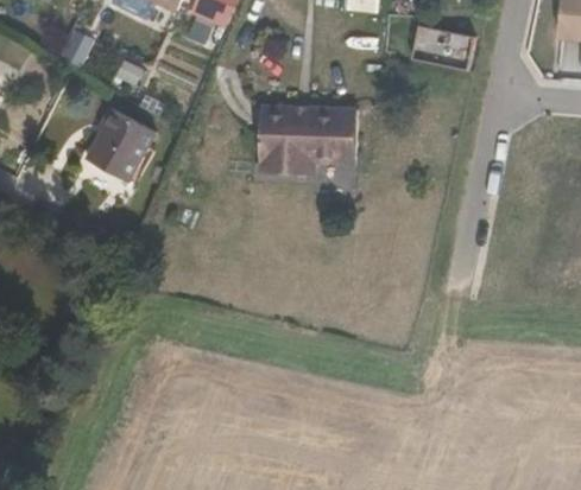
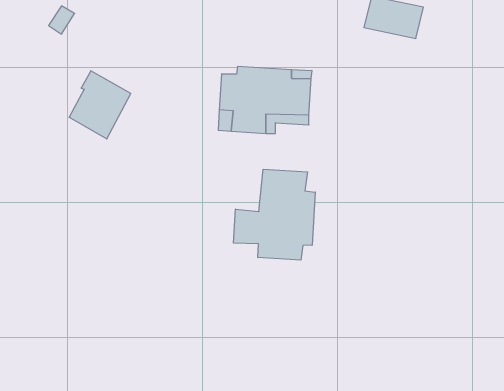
building: none -> [234,169,315,260]

